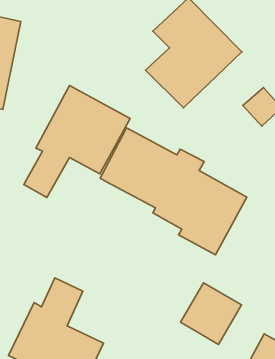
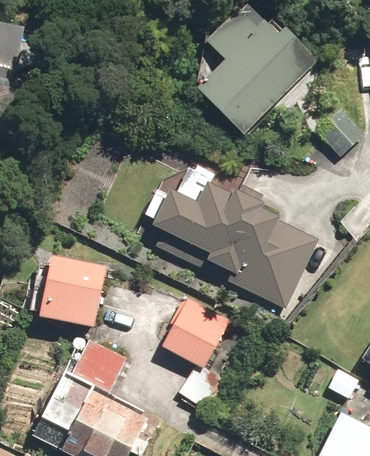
building: [24,86,130,197] -> none
building: none -> [37,253,104,325]
building: [180,283,241,345] -> [155,296,229,371]

